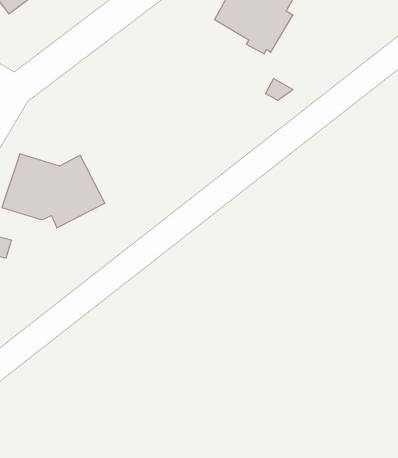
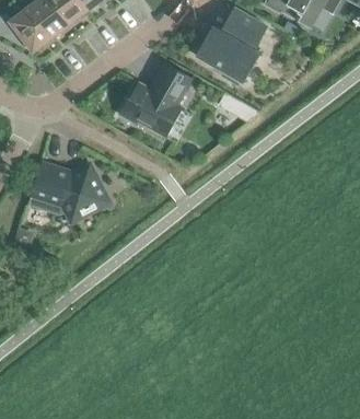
building: none -> [119,62,193,137]

